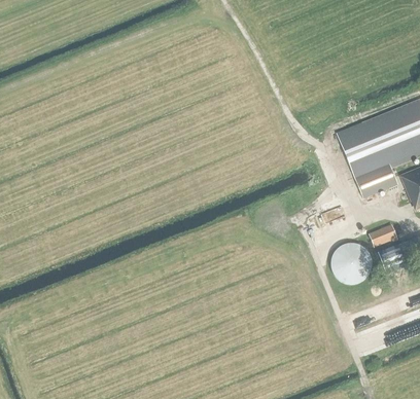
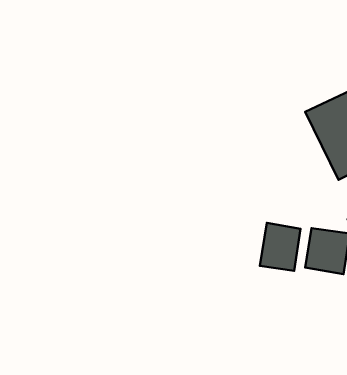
building: none -> [260,223,301,271]

